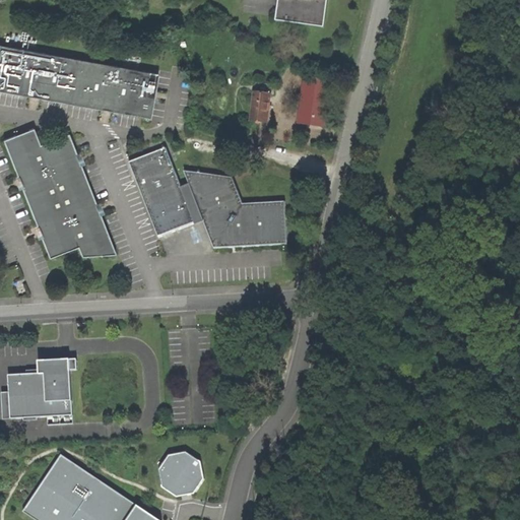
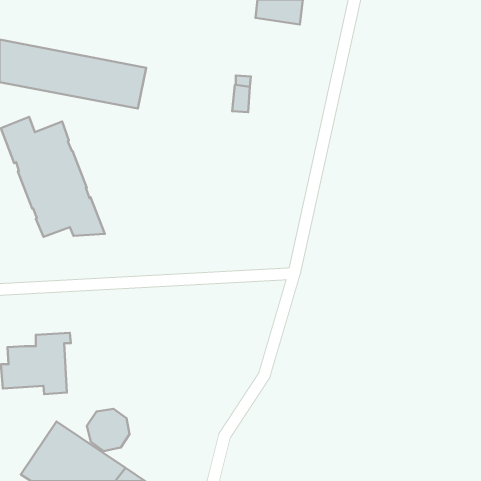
building: [299,75,329,125] -> none
building: [128,148,286,248] -> none
building: [157,451,203,497] -> [87,409,129,451]

